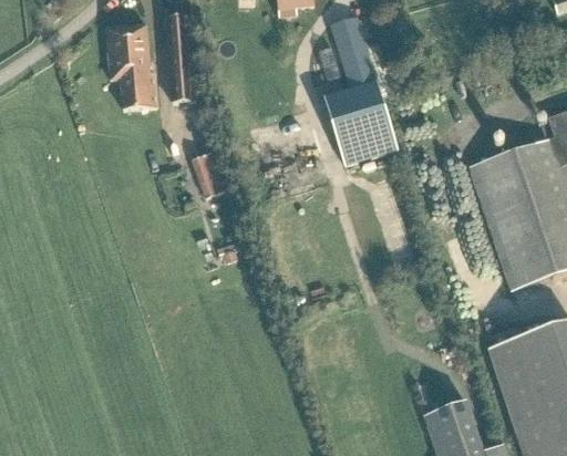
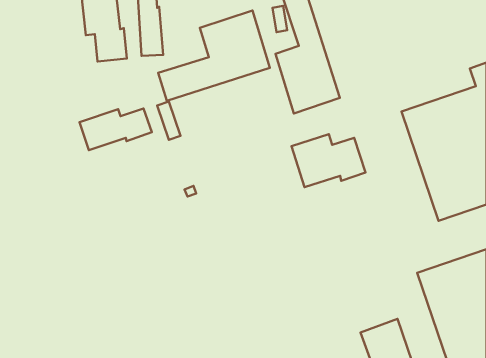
building: none -> [158,10,270,101]
building: none -> [80,108,152,150]
building: none -> [292,134,366,187]

